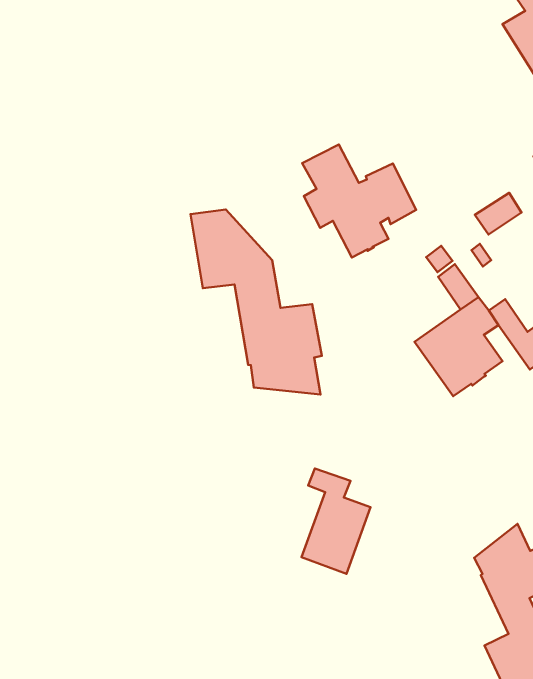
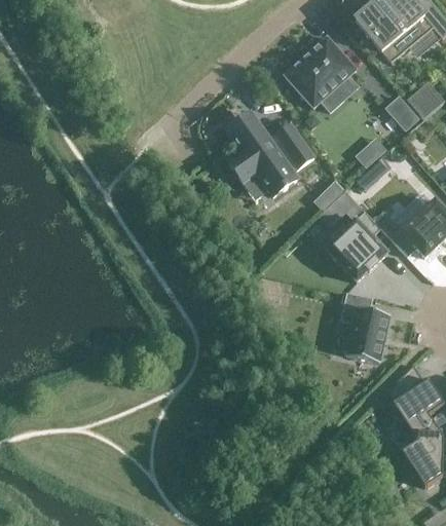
building: none -> [284,36,356,111]
building: [190,209,322,395] -> none
building: [301,468,371,574] -> [343,292,388,362]

